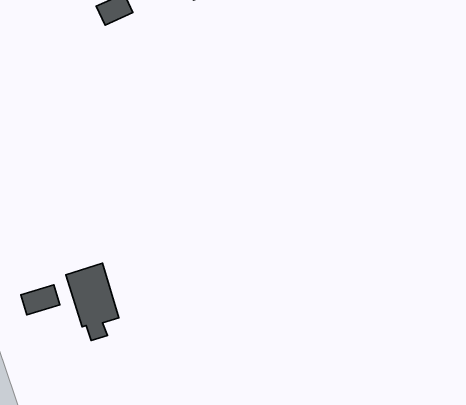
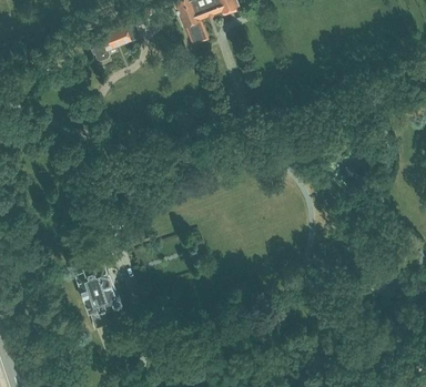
building: [21,285,60,315] -> none

